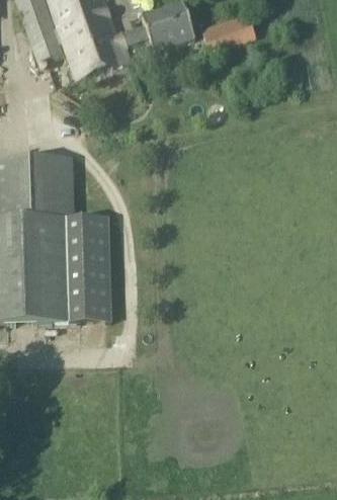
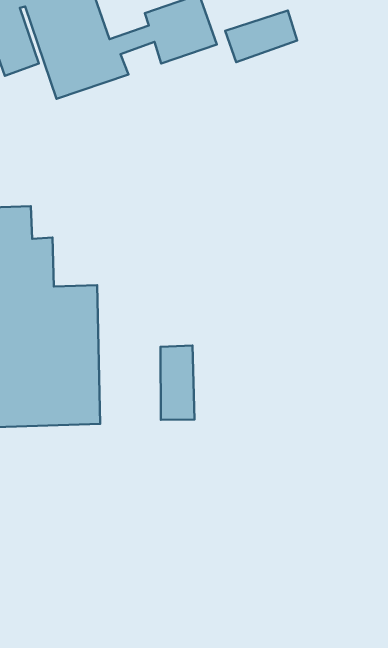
building: none -> [160,346,195,420]

